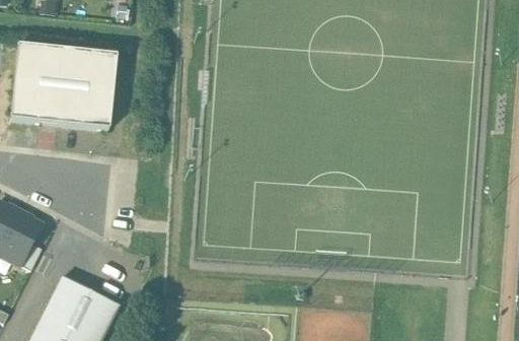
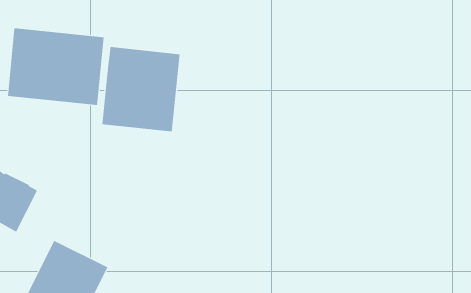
building: none -> [102,46,180,132]

